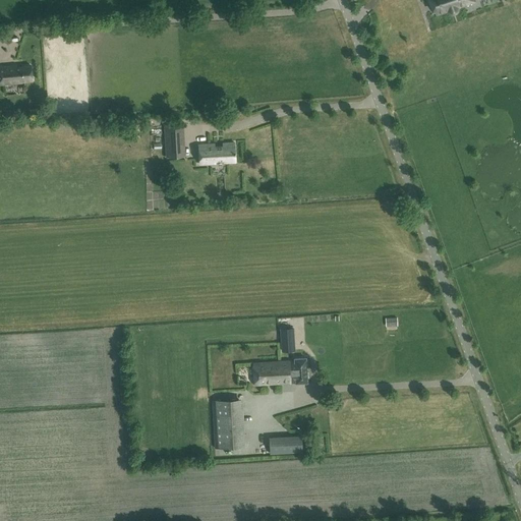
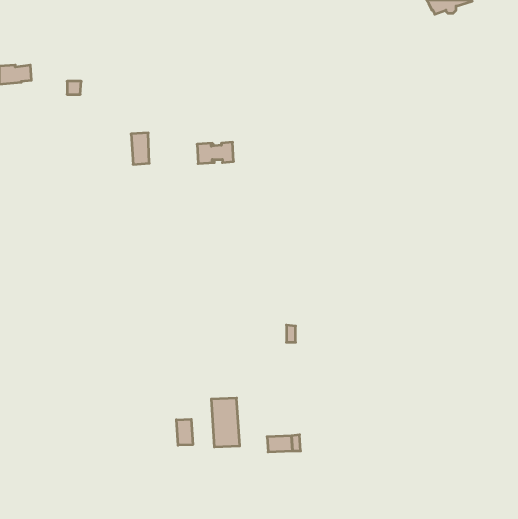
building: [164,126,182,158] -> [131,133,149,164]
building: [252,358,306,385] -> none
building: none -> [176,419,193,445]

